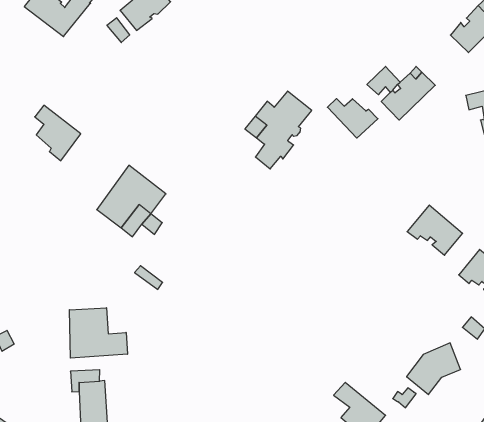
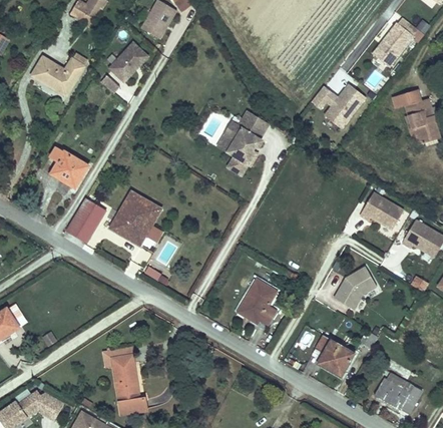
building: [327,99,378,138] -> none
building: none -> [65,195,104,241]
building: none -> [239,279,279,328]
building: [69,308,127,358] -> none
building: [407,343,461,395] -> [334,265,376,308]

